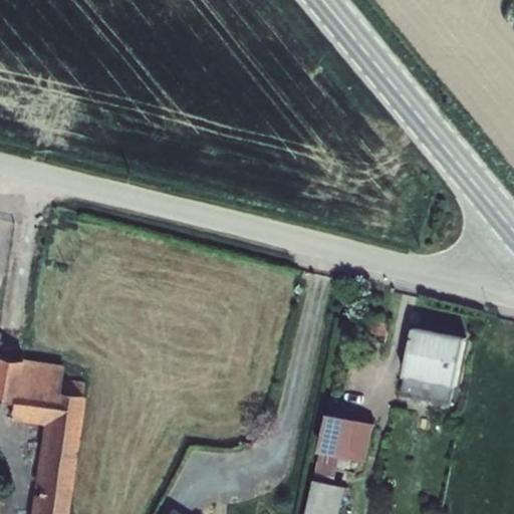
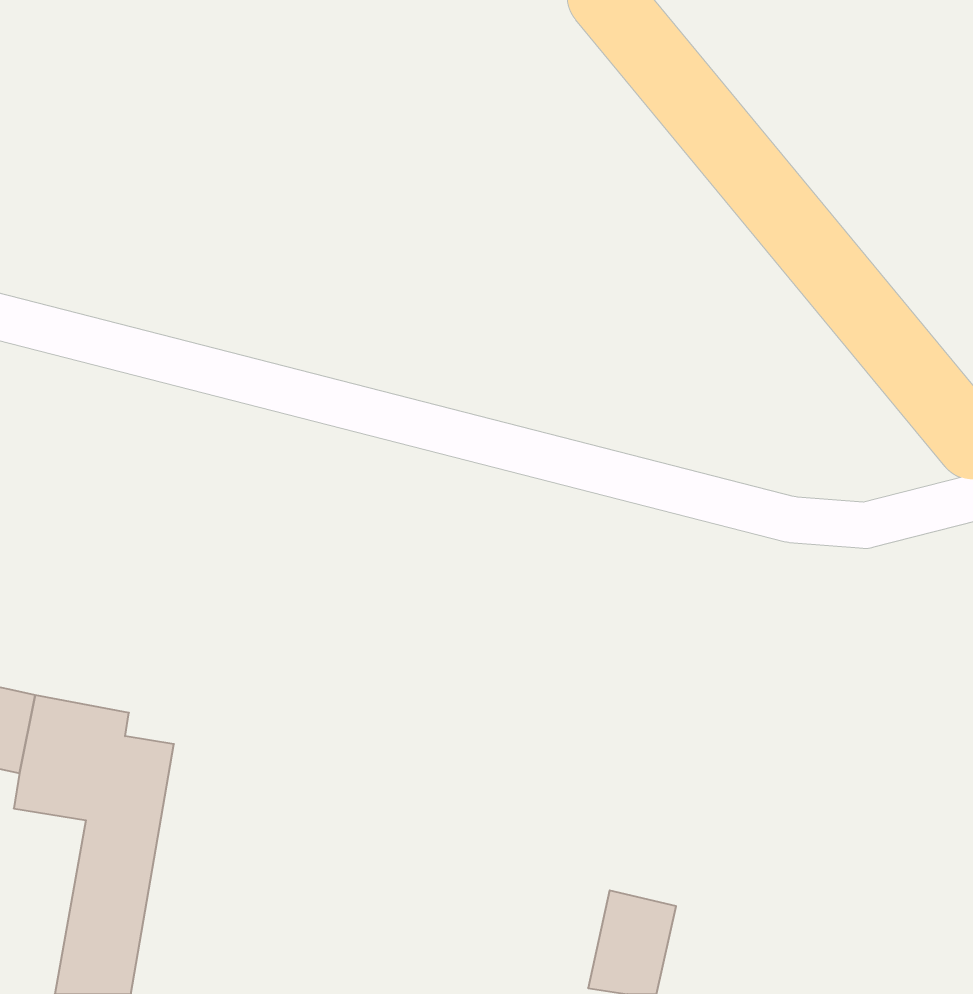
building: [400,333,465,411] -> none
building: [313,418,368,468] -> none

